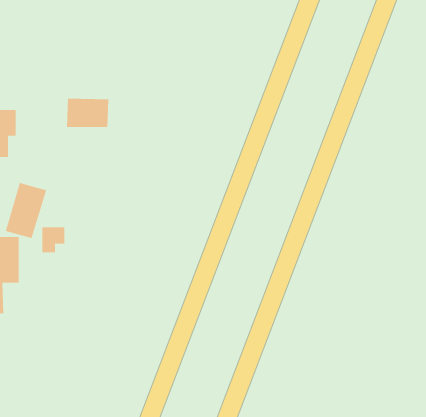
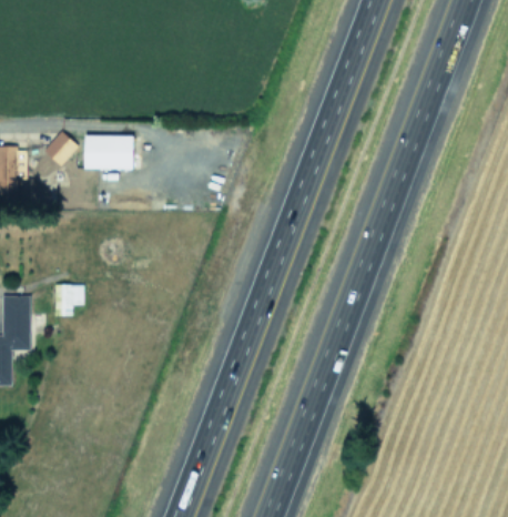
building: none -> [43,130,79,165]
building: [5,182,47,239] -> none

